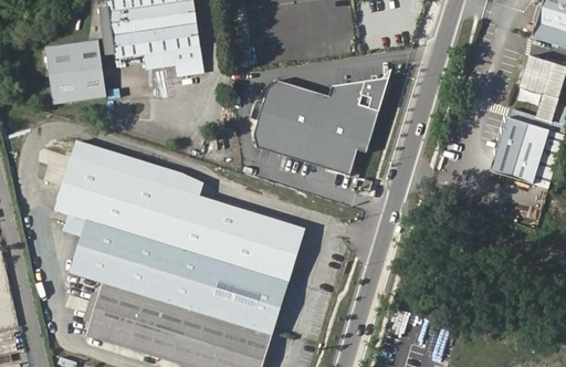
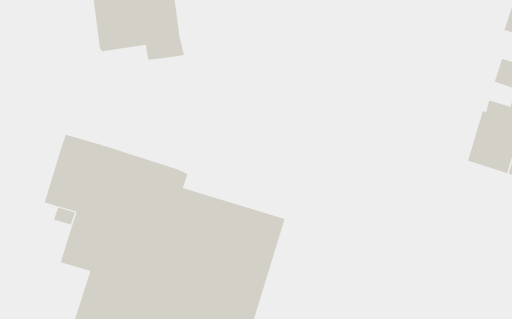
building: [43,38,106,103] -> none
building: [252,78,387,172] -> none

